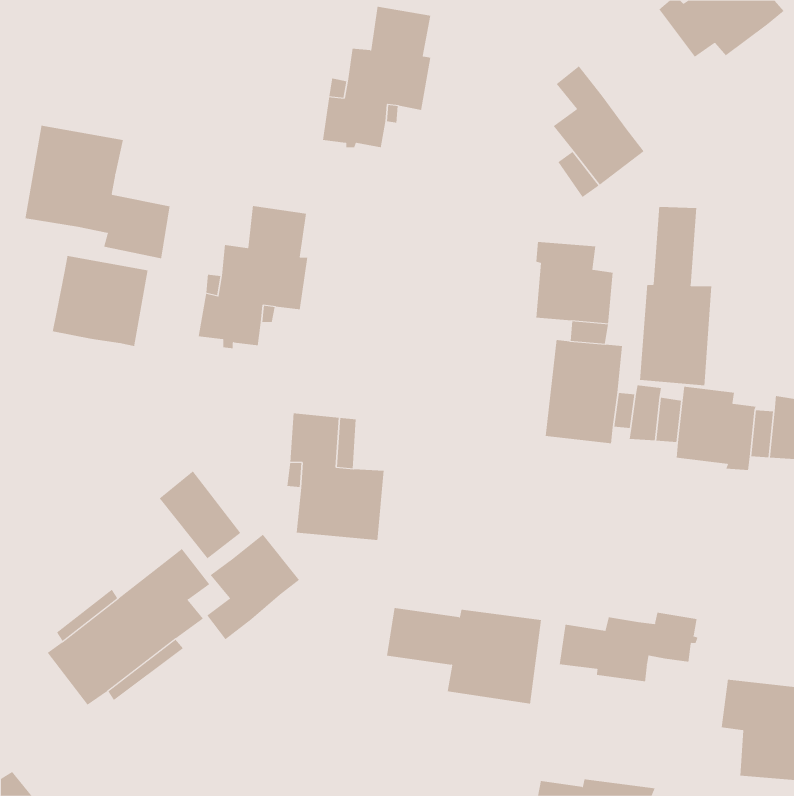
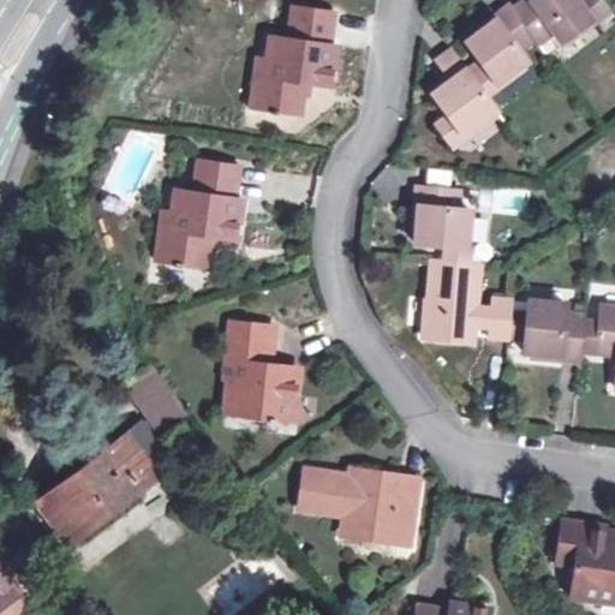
building: none -> [466,7,537,100]
building: [25,125,170,259] -> none
building: [639,206,712,386] -> none
building: [52,255,148,347] -> none
building: [206,534,300,640] -> none
building: [559,612,698,682] -> none

